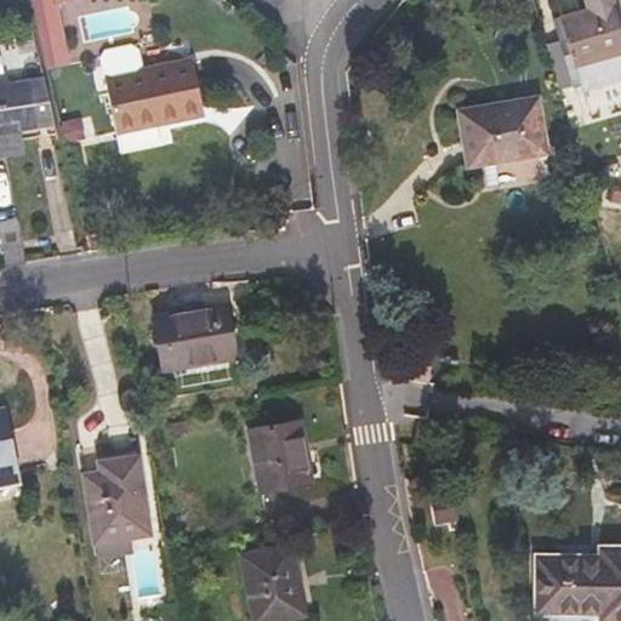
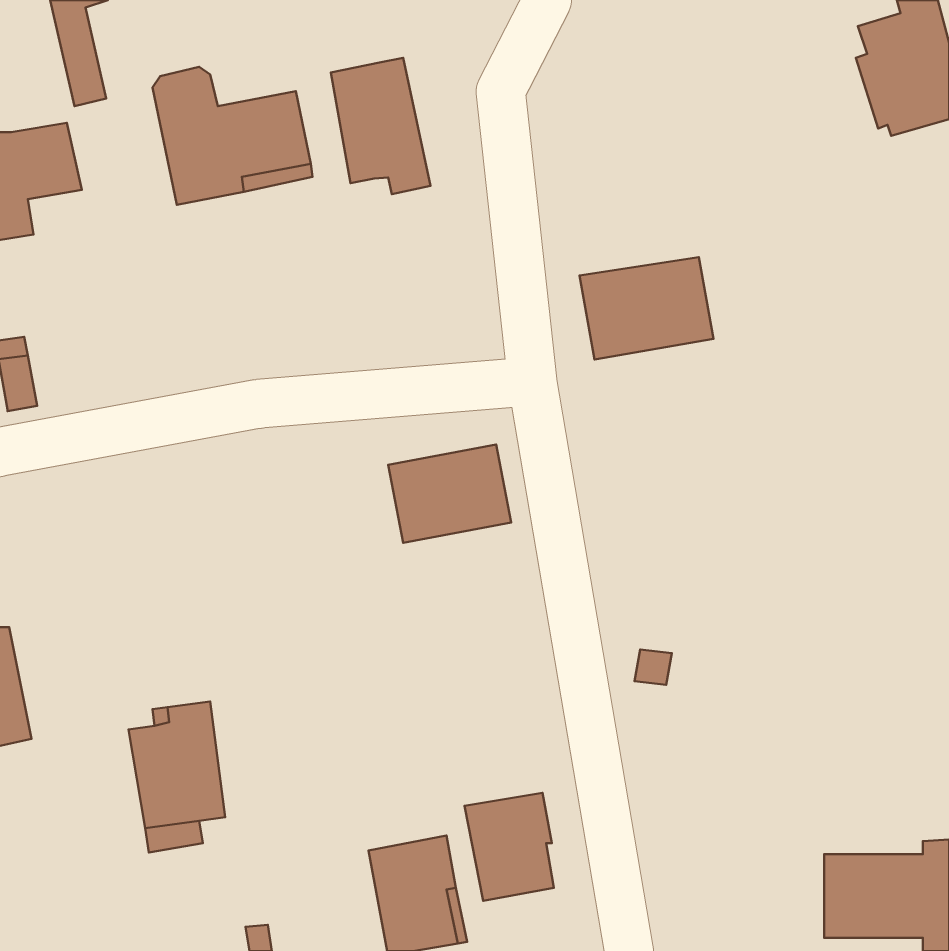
building: none -> [331,58,430,194]
building: [458,98,546,165] -> [580,257,714,359]
building: [154,304,234,369] -> [388,444,511,543]
building: [249,421,307,491] -> [464,793,554,901]

